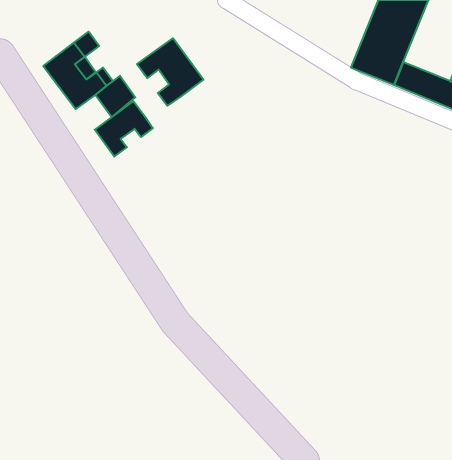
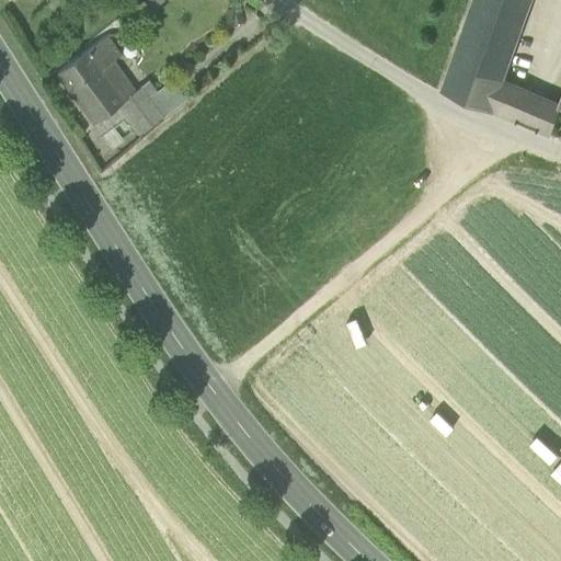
building: [137,38,203,106] -> none
building: [95,101,153,157] -> none

